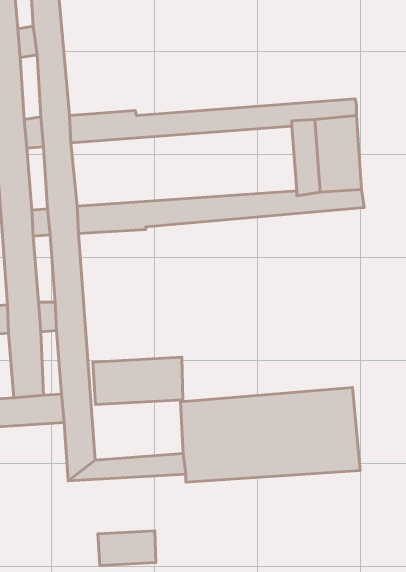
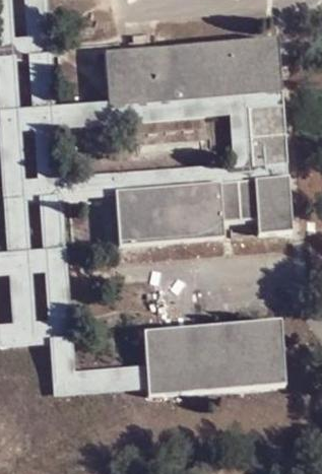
building: none -> [104,37,280,106]
building: none -> [116,178,292,244]
building: [93,357,183,404] -> none
building: [98,531,156,566] -> none

